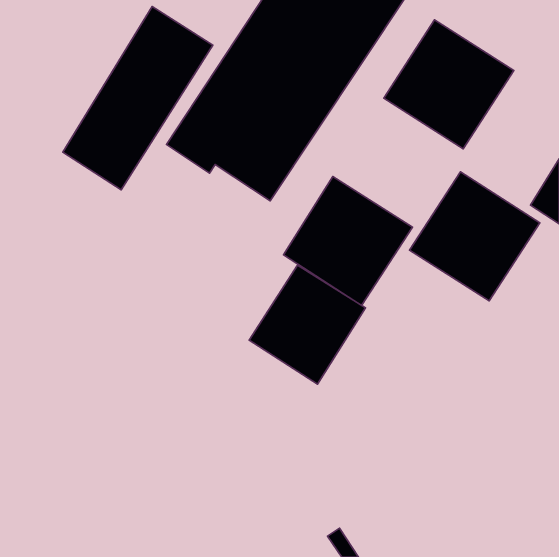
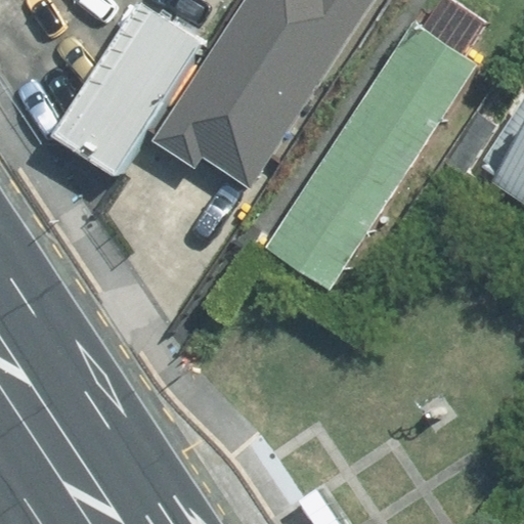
building: [410,172,540,301] -> [309,91,430,211]
building: [249,265,365,384] -> none

